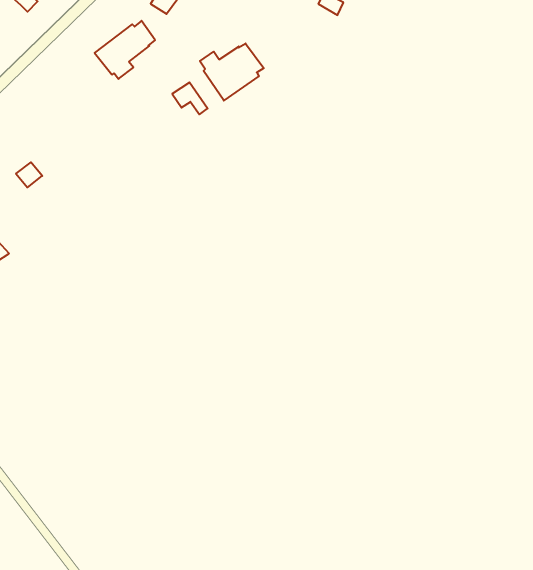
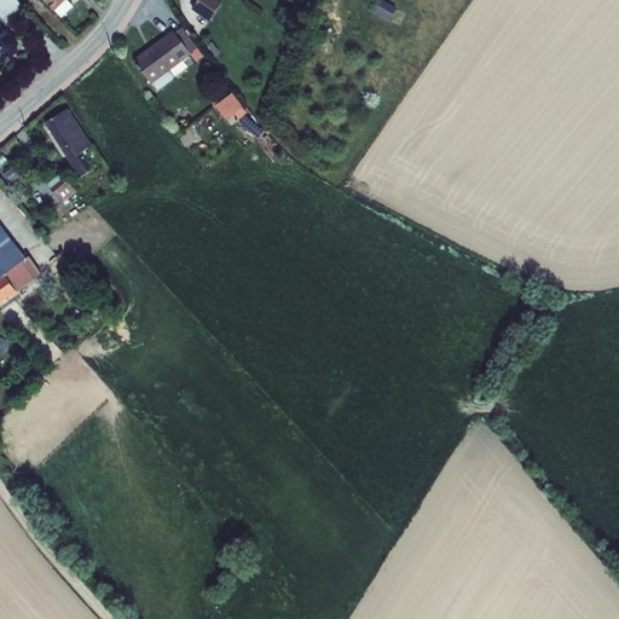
building: [200,43,264,101] -> none
building: none -> [44,106,92,175]

